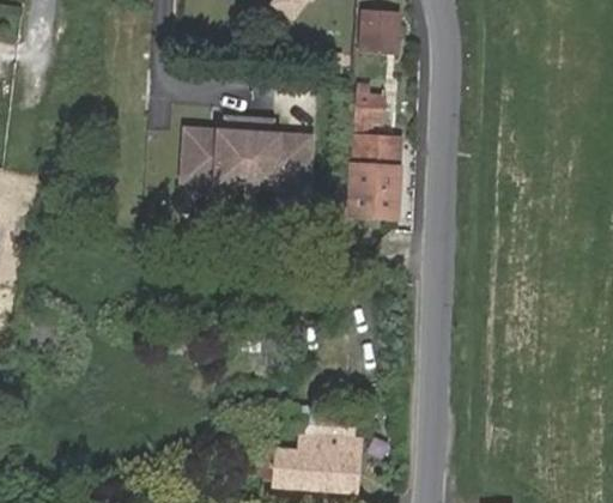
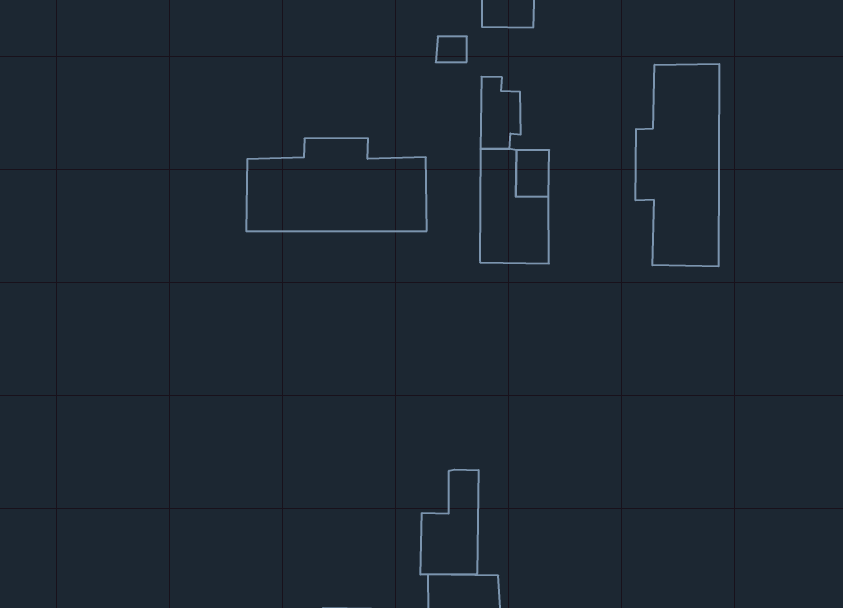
building: none -> [636,64,719,266]
building: none -> [420,470,479,575]

